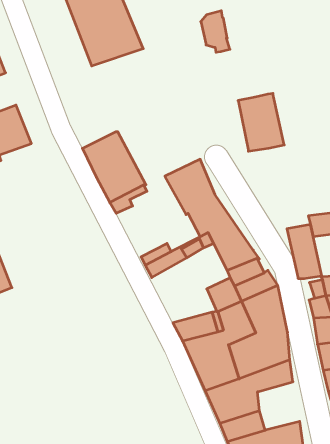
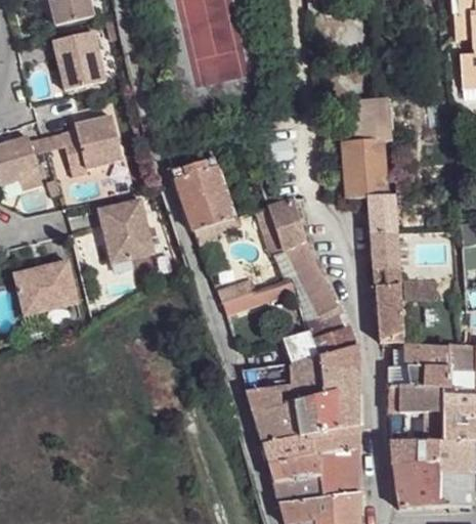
building: [201,11,230,52] -> [365,98,392,141]
building: none -> [369,198,401,287]
building: none -> [97,200,153,264]
building: none -> [318,449,359,496]

